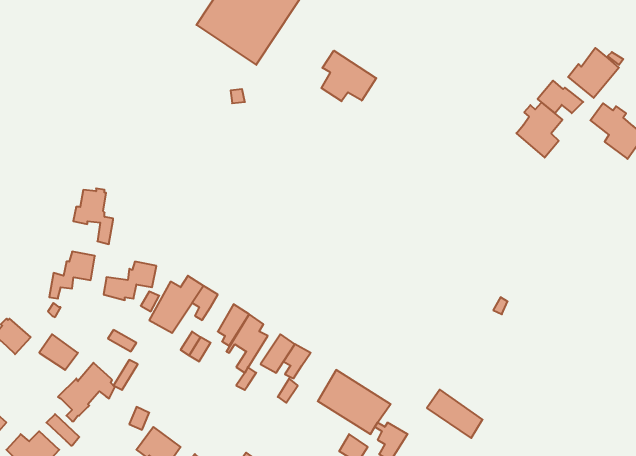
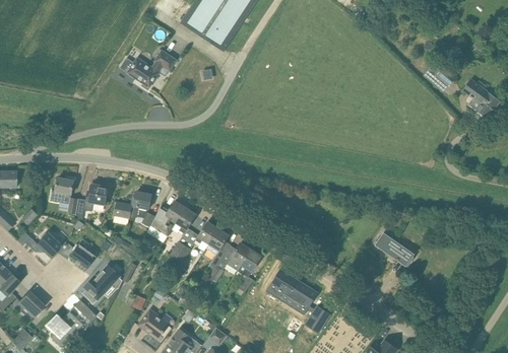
building: [568,48,619,98] -> none
building: [321,51,376,101] -> none
building: none -> [119,50,176,87]
building: [516,102,562,158] -> none
building: [73,188,113,244] -> [50,176,78,216]
building: [427,390,483,438] -> [374,231,414,266]

